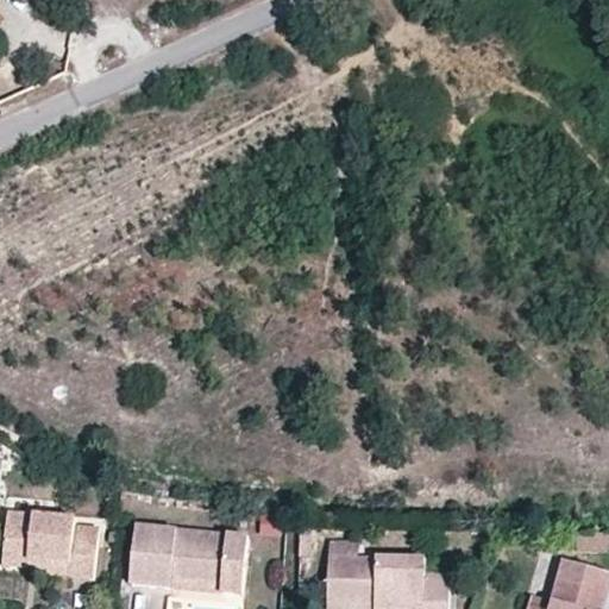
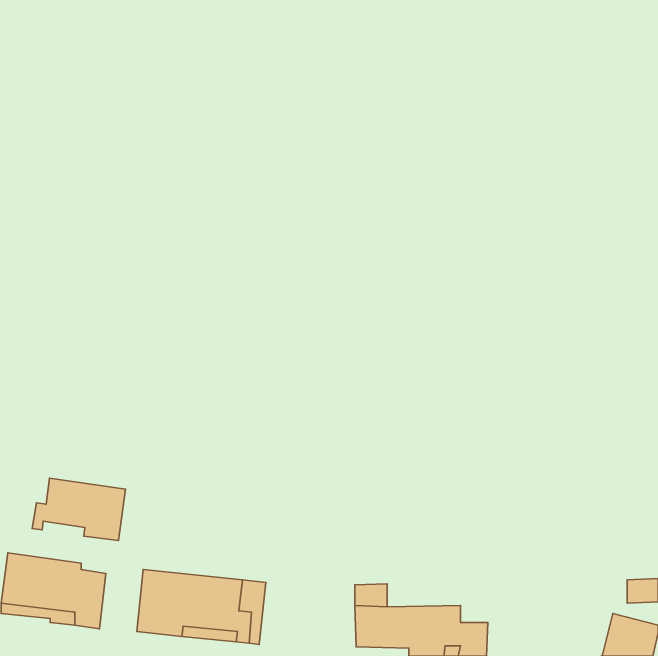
building: none -> [32,478,126,541]

